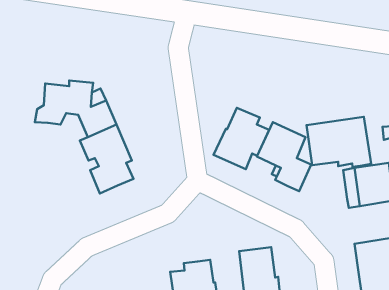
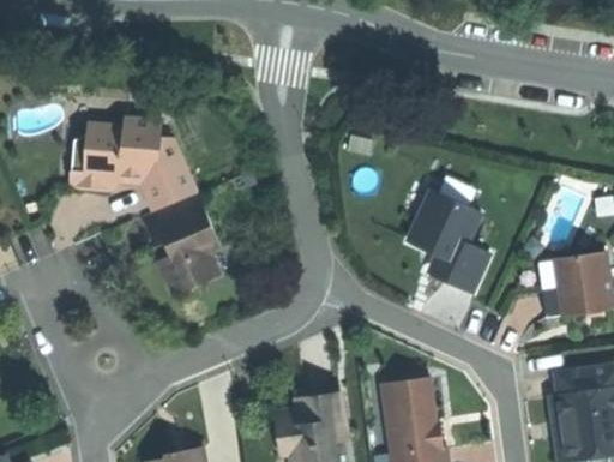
building: [214,108,269,169] -> none
building: [307,117,371,167] -> none

